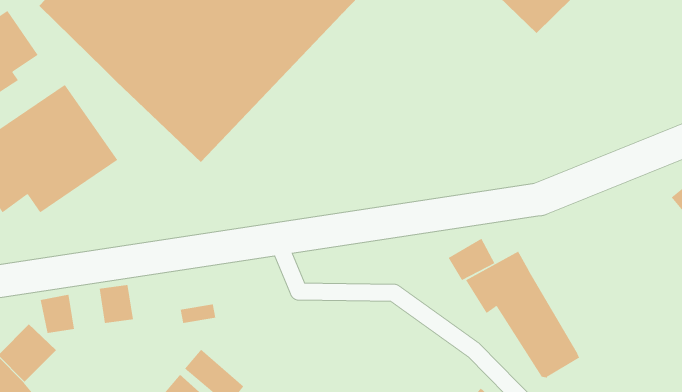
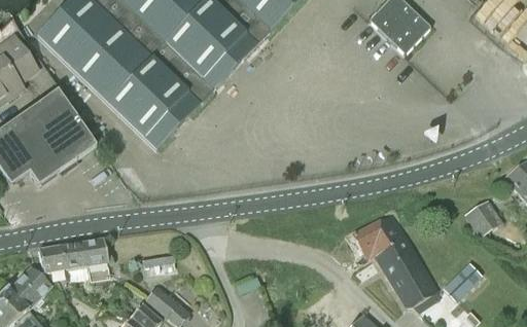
building: none -> [464,198,504,238]
building: [448,238,495,281] -> none
building: none -> [61,241,86,270]
building: none -> [443,261,482,300]

